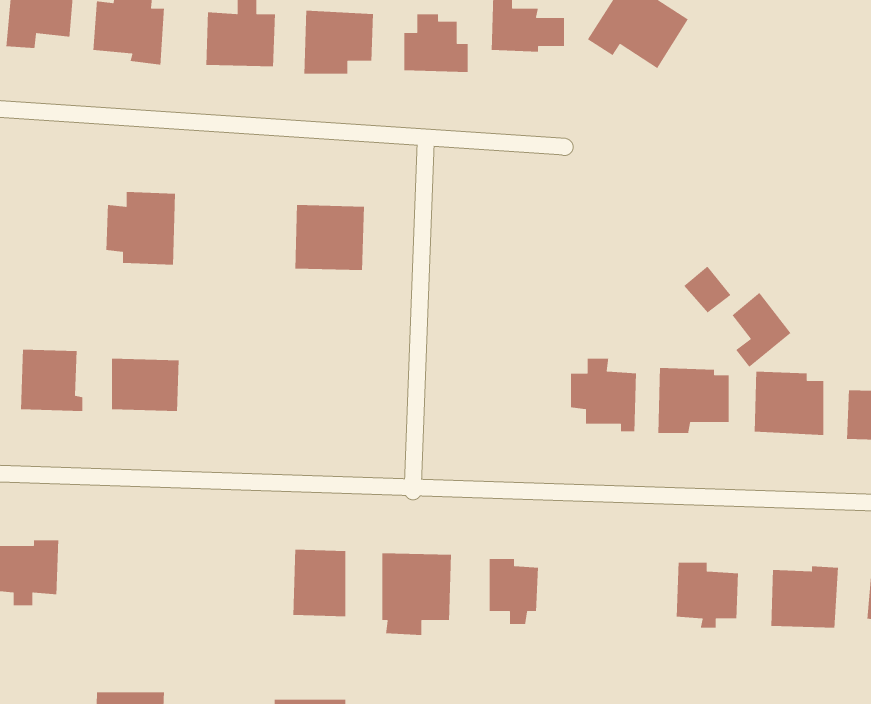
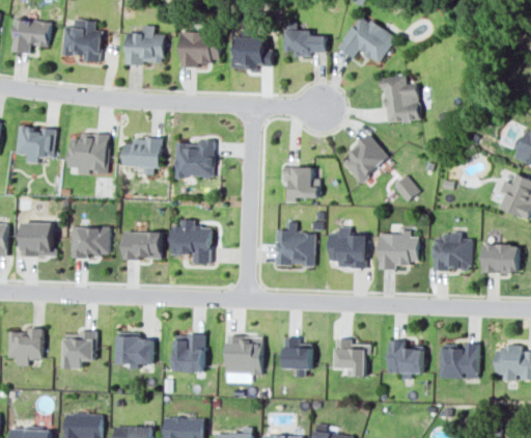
building: none -> [382,76,419,121]
building: none -> [16,127,55,162]
building: none -> [340,135,388,182]
building: none -> [121,137,160,174]
building: none -> [283,166,318,201]
building: [732,292,792,368] -> none
building: none -> [170,219,211,263]
building: none -> [275,221,314,266]
building: none -> [122,230,161,258]
building: none -> [62,330,95,367]
building: none -> [116,331,152,366]
building: none -> [334,338,370,376]

